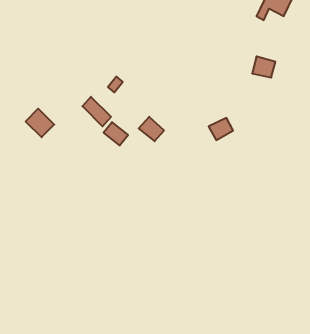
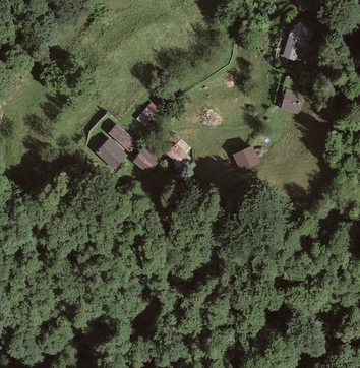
building: [26,109,54,137] -> [102,142,129,170]

